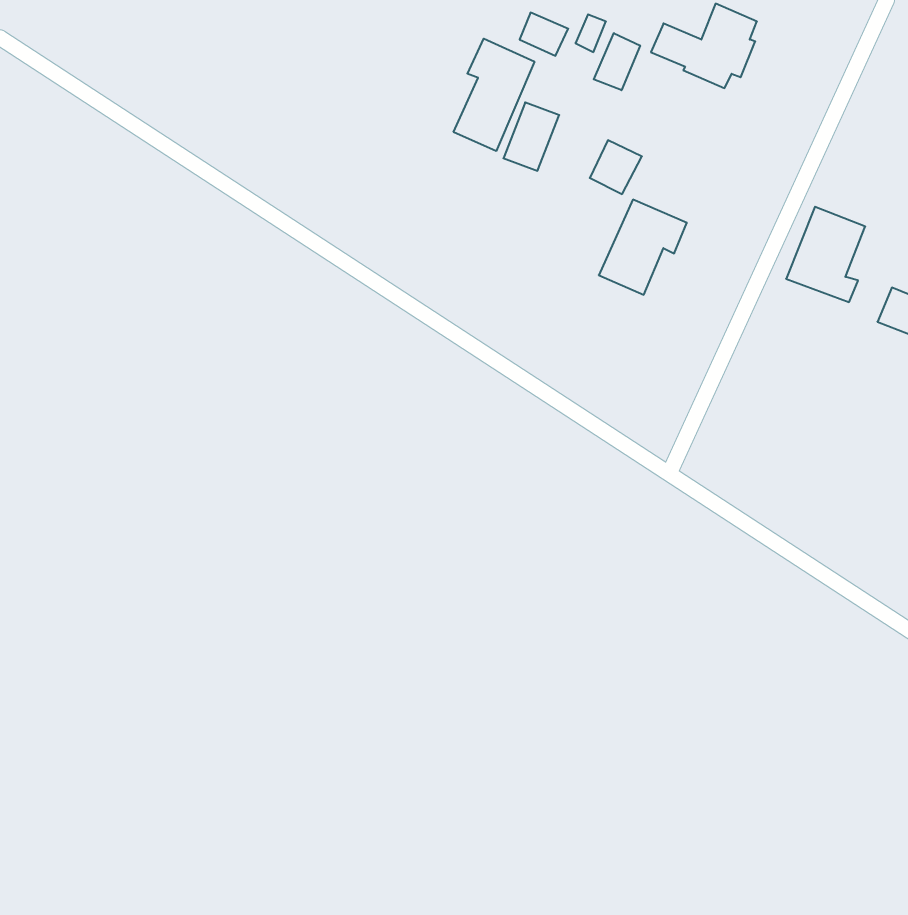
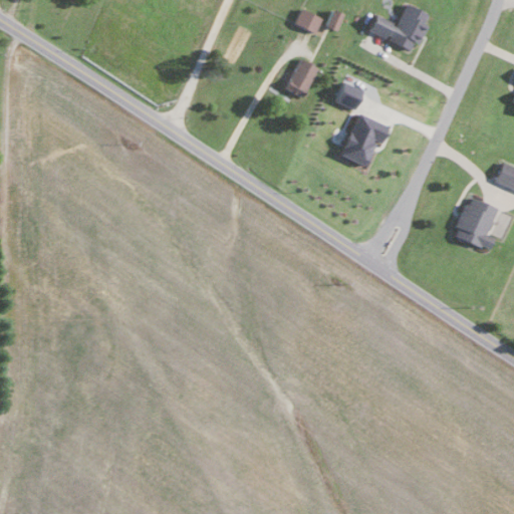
building: [594,33,640,90] -> none
building: [454,39,534,151] -> none
building: [786,207,865,302] -> [454,197,498,250]

